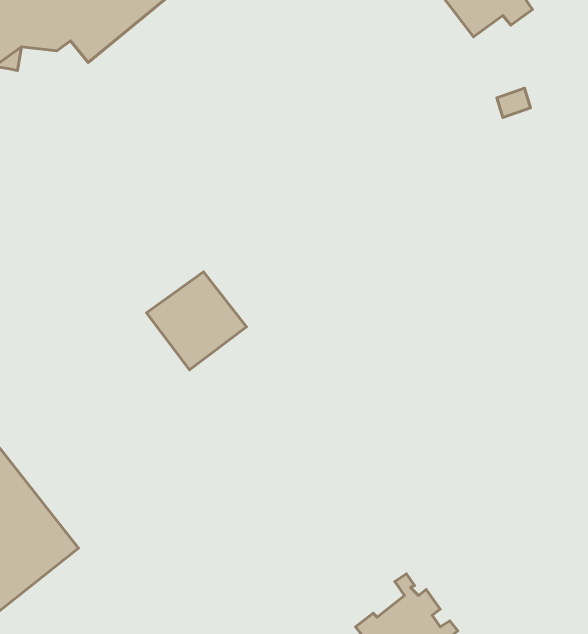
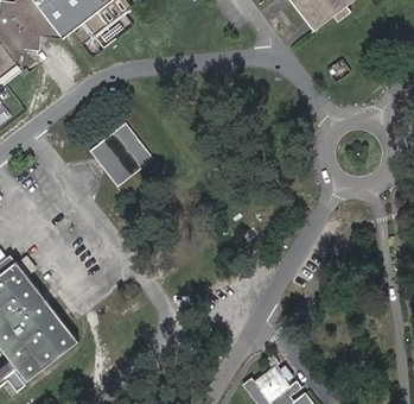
building: [146,272,247,370] -> [89,125,149,184]

